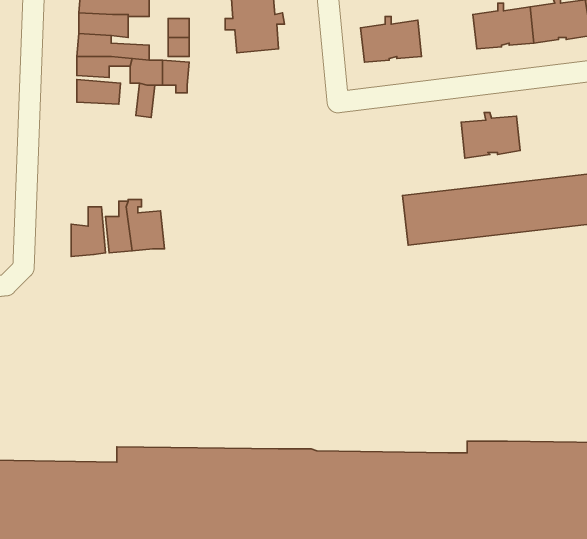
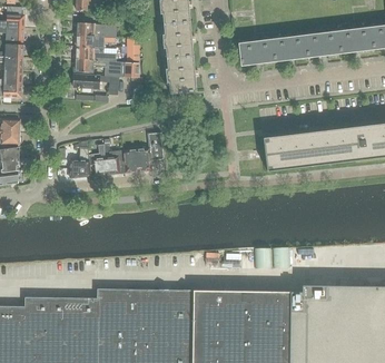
building: none -> [164,56,198,92]
building: [461,112,520,158] -> [273,33,307,60]
building: none -> [122,133,164,173]

